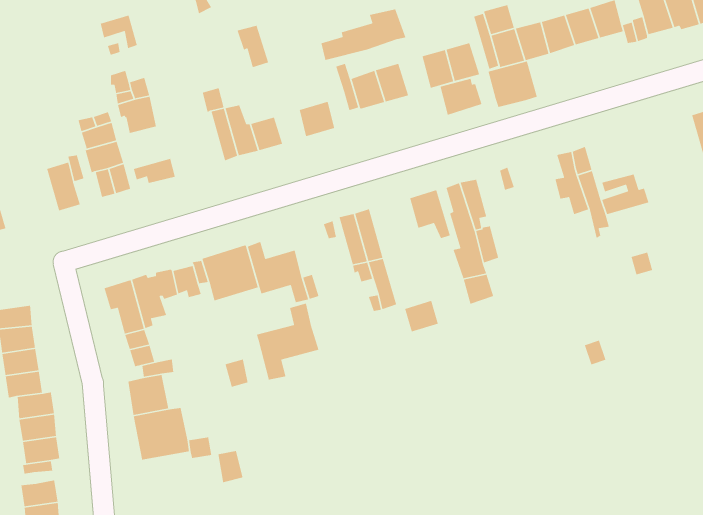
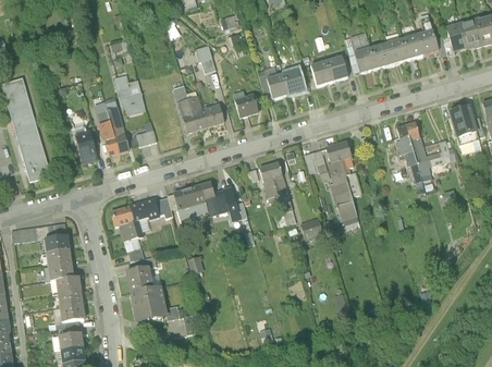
building: [320,9,406,61] -> none
building: [487,61,538,108] -> none
building: [439,78,483,116] -> none
building: none -> [448,107,479,146]
building: [256,303,320,381] -> none

